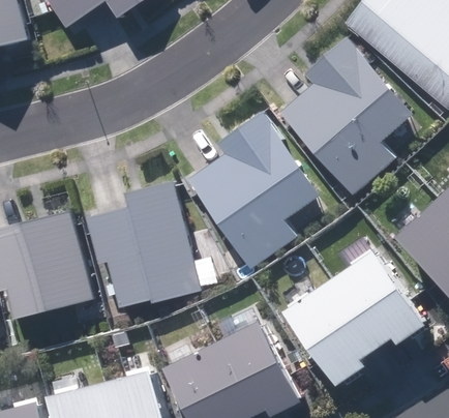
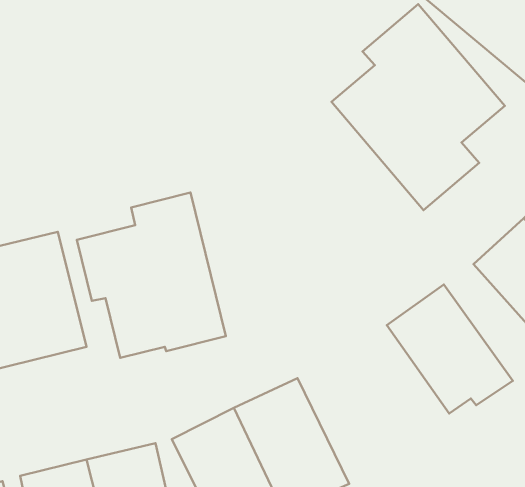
building: [191,112,322,268] -> none
building: [281,282,372,386] -> none

